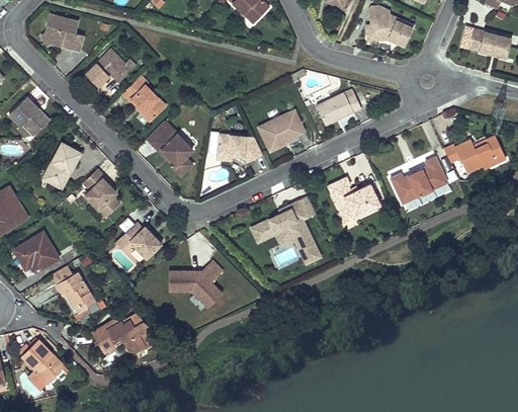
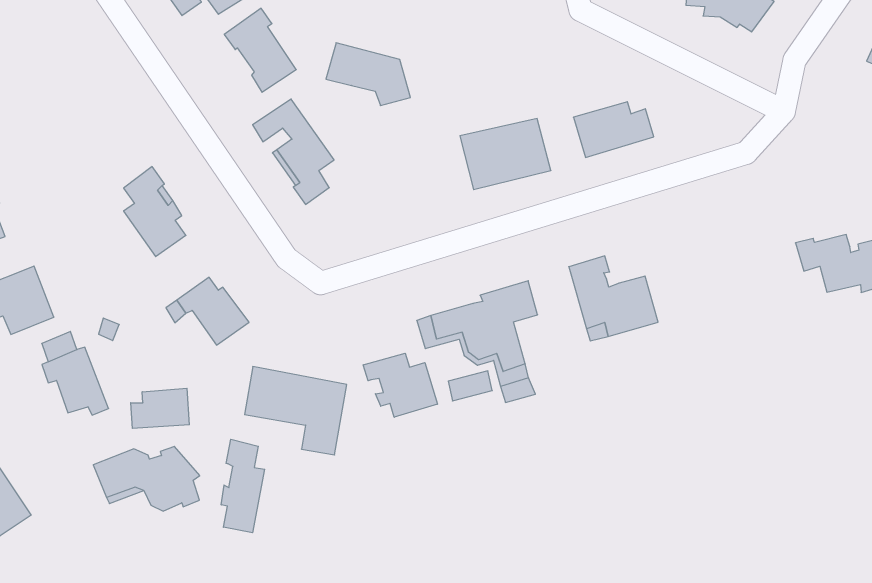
building: [8,96,49,137] -> none
building: [217,134,263,163] -> [326,43,410,106]
building: [42,142,81,188] -> none
building: [390,156,447,202] -> none
building: none -> [363,353,437,417]
building: none -> [131,388,189,428]
building: none -> [221,439,265,533]

